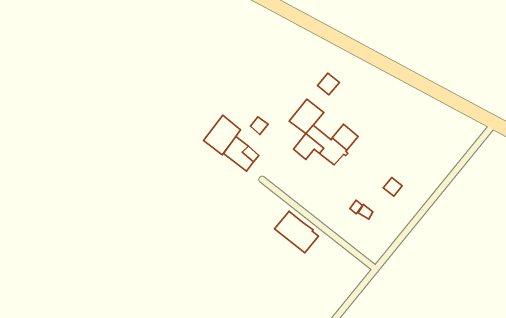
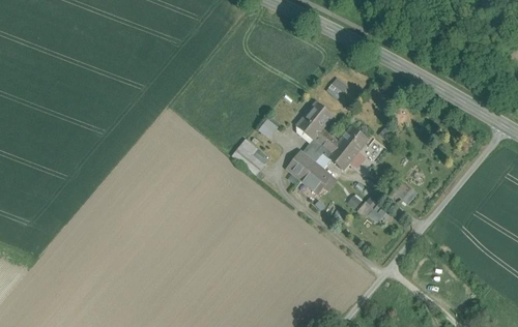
building: [203,115,241,155] -> none
building: [274,211,318,253] -> [287,151,330,192]

